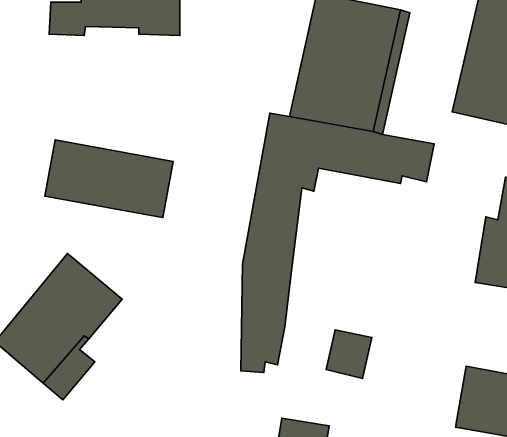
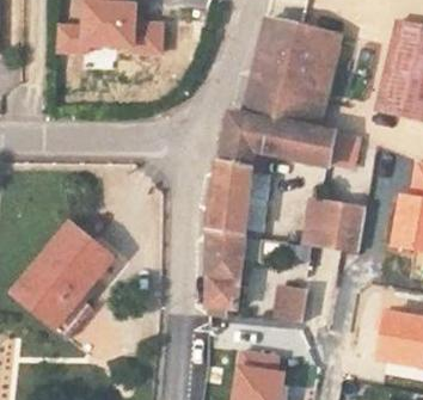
building: [45,140,173,217] -> none
building: none -> [300,196,378,253]

